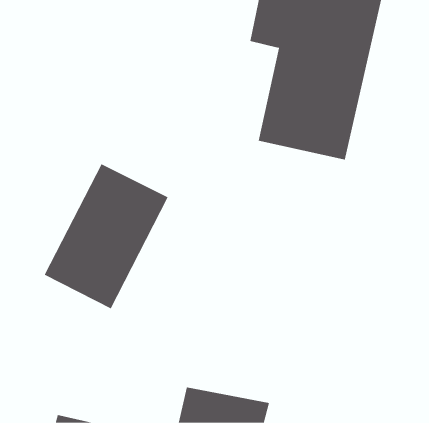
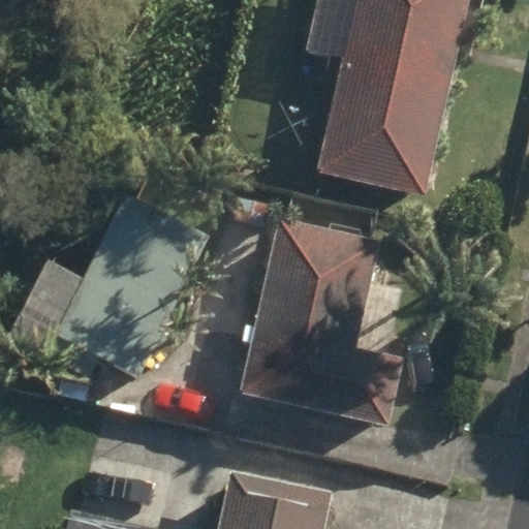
building: none -> [240,221,401,425]

